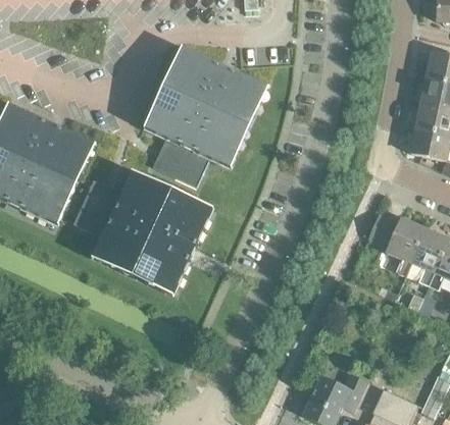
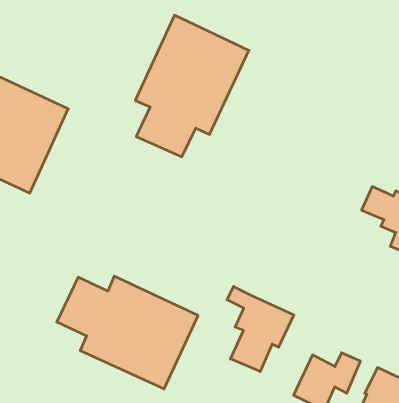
building: [73,179,209,287] -> [57,276,198,389]
building: none -> [227,286,294,372]

